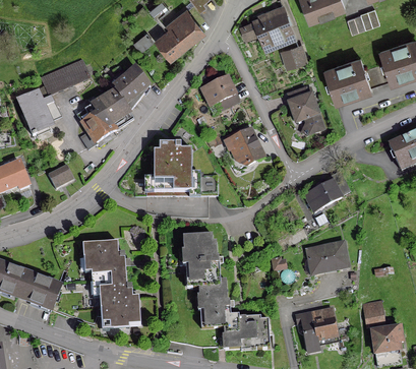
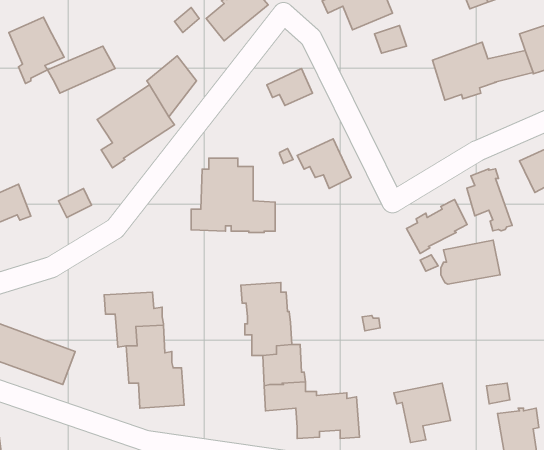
building: [19,86,60,135] -> [9,17,64,84]
building: [289,87,322,133] -> [467,169,512,231]
building: [304,242,348,274] -> [441,240,500,284]

